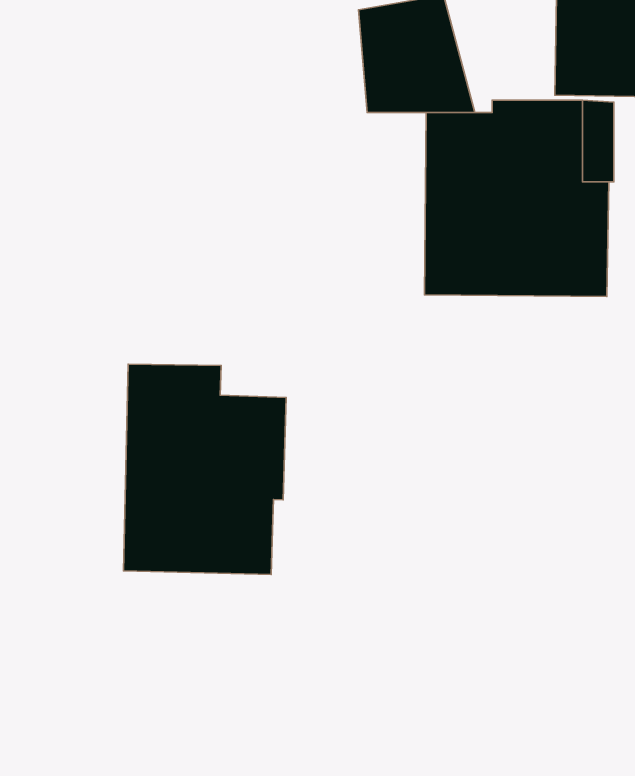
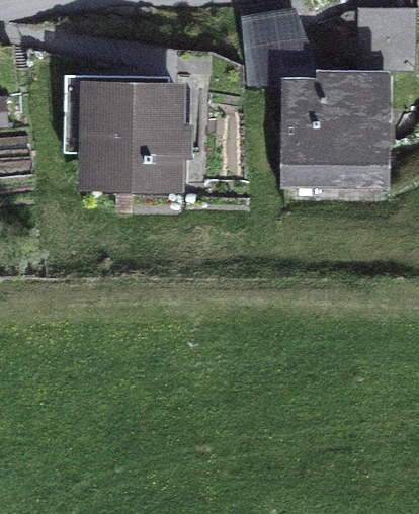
building: none -> [86,85,188,181]
building: [123,364,286,574] -> none

